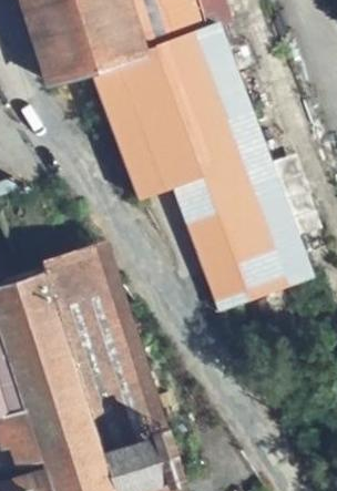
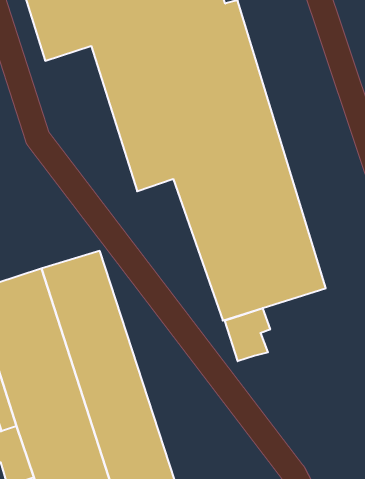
building: none -> [225,308,270,361]

